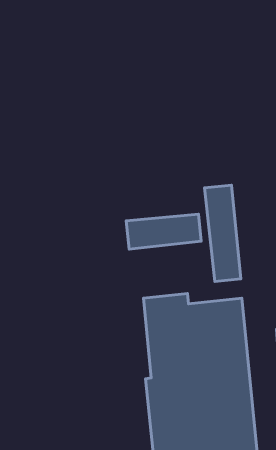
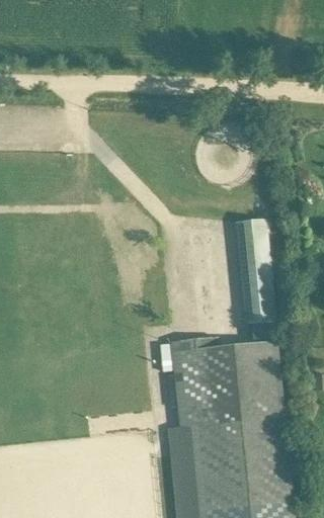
building: [126,214,201,249] -> none

